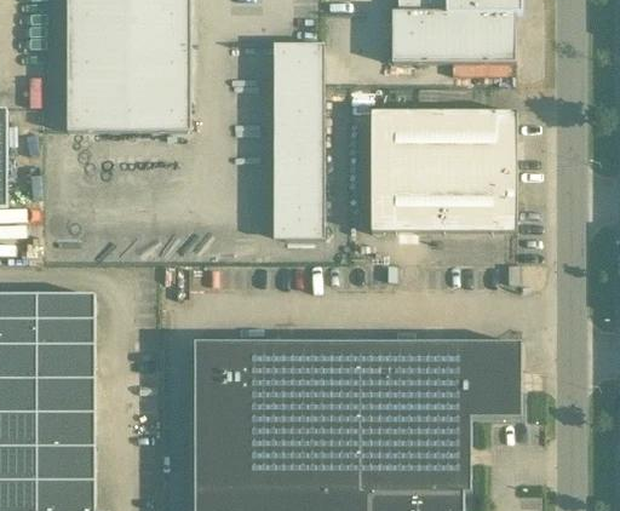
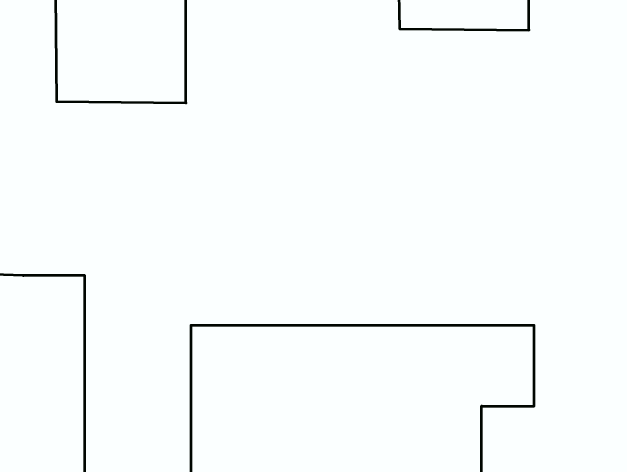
building: [272,38,325,234] -> none
building: [369,109,515,230] -> none

